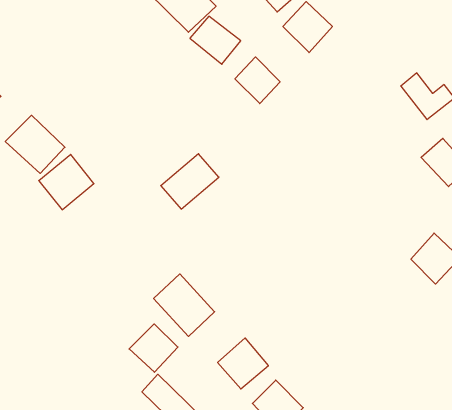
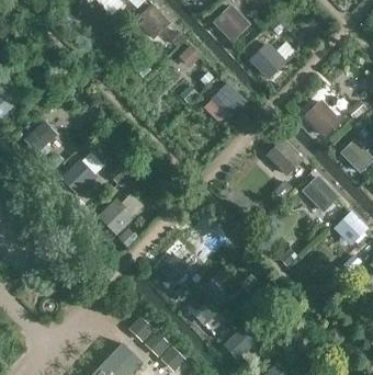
building: none -> [297,98,334,135]
building: none -> [265,138,302,177]
building: [161,154,219,209] -> [100,193,144,235]
building: none -> [299,174,335,209]
building: [129,324,178,372] -> none

